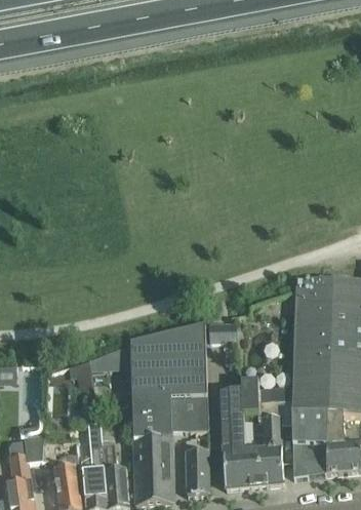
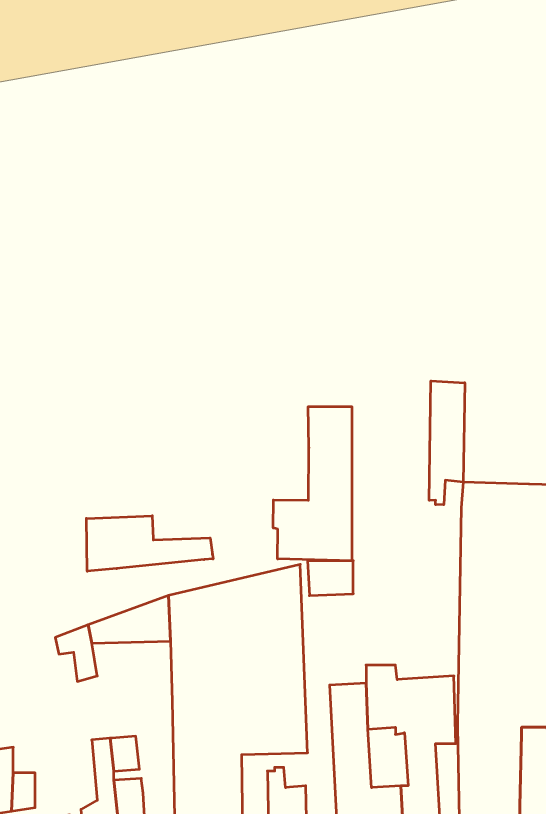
building: none -> [429,381,465,505]
building: none -> [273,407,352,561]
building: none -> [86,516,213,571]

